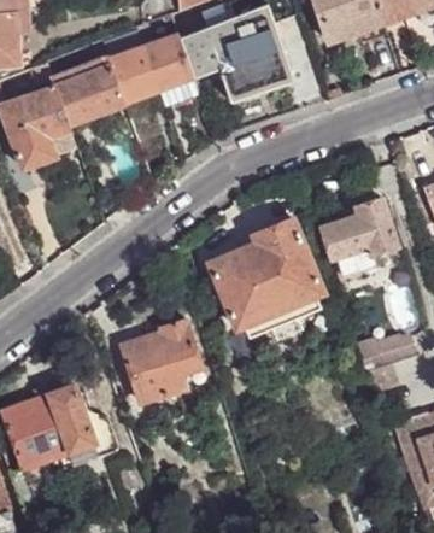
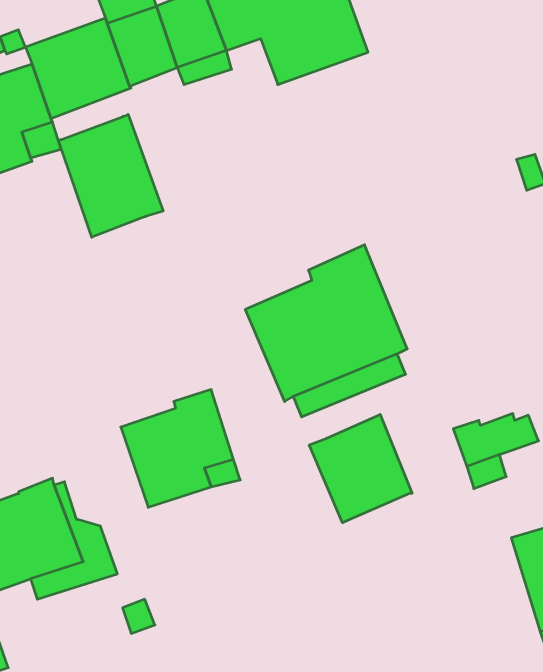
building: none -> [58,114,163,237]
building: [321,197,395,275] -> none
building: none -> [309,414,412,523]

